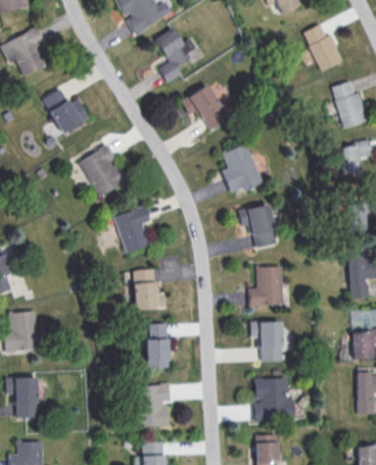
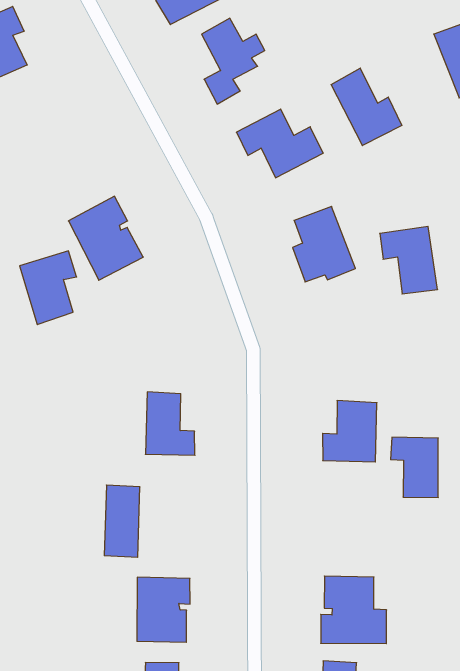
building: none -> [331,68,402,146]
building: [42,89,89,135] -> none
building: [239,203,278,247] -> [380,226,438,294]
building: [113,206,150,254] -> [20,251,77,325]
building: [147,323,170,368] -> [104,485,140,557]
building: [250,323,282,362] -> [391,437,438,497]

